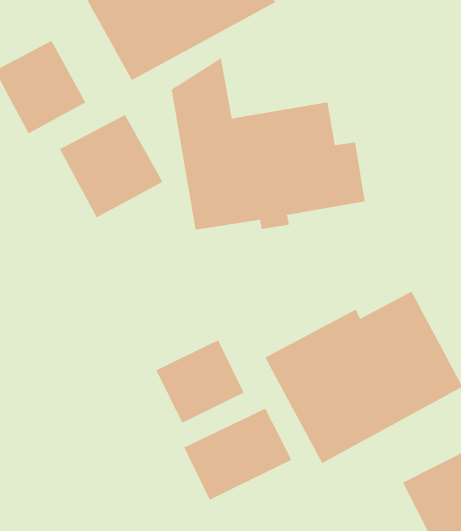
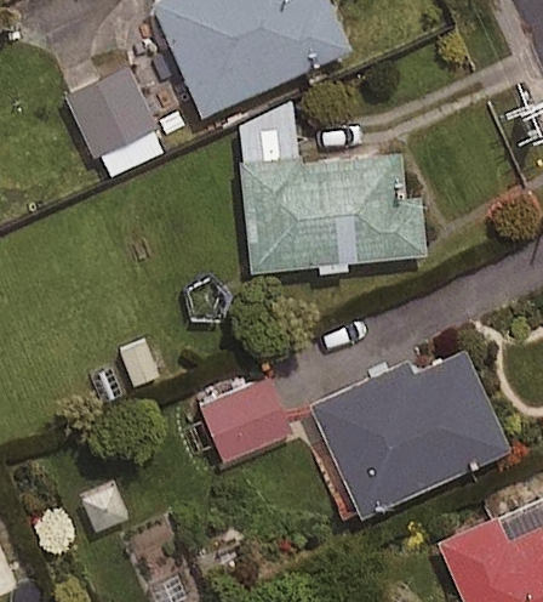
building: [59,114,163,218] -> none
building: [184,408,292,501] -> none

